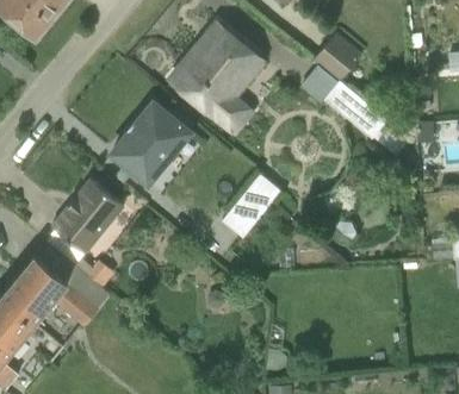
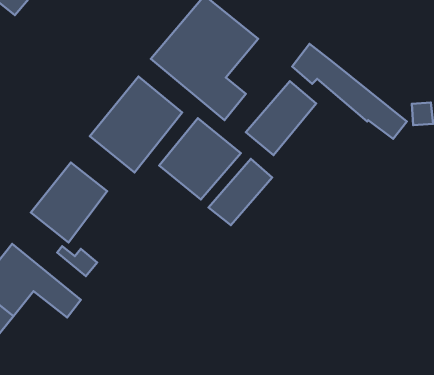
building: [314,32,361,81] -> none
building: none -> [246,81,316,155]
building: none -> [159,118,241,200]

